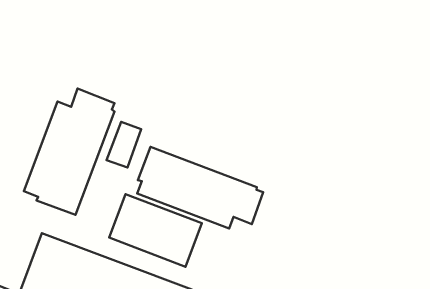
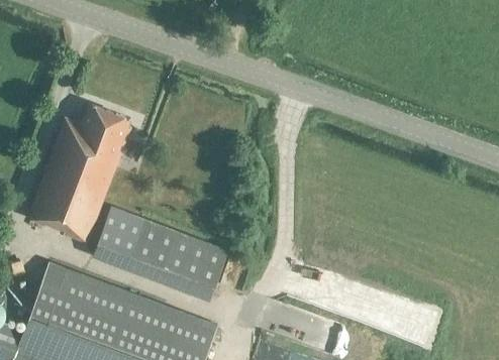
building: [107,122,141,167] -> [97,219,135,269]
building: [137,147,263,229] -> none

